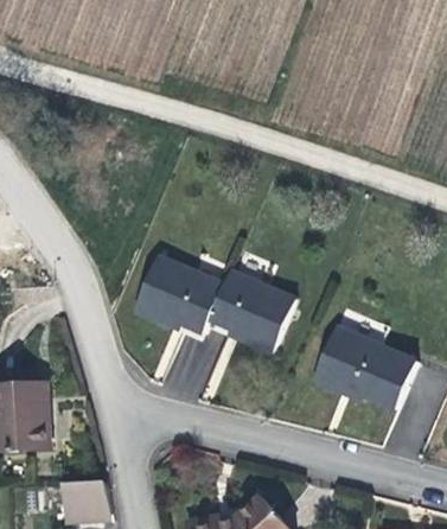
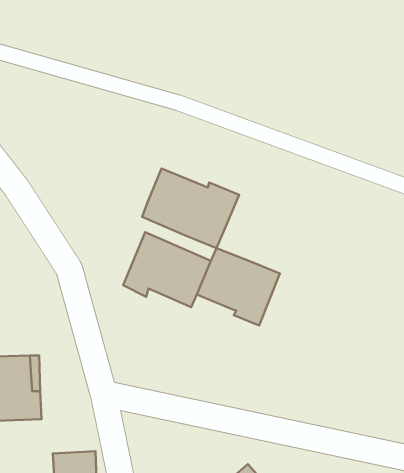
building: none -> [142,169,239,248]
building: [312,326,416,410] -> none

